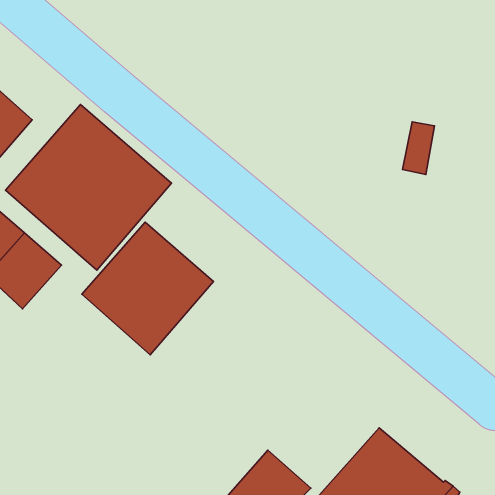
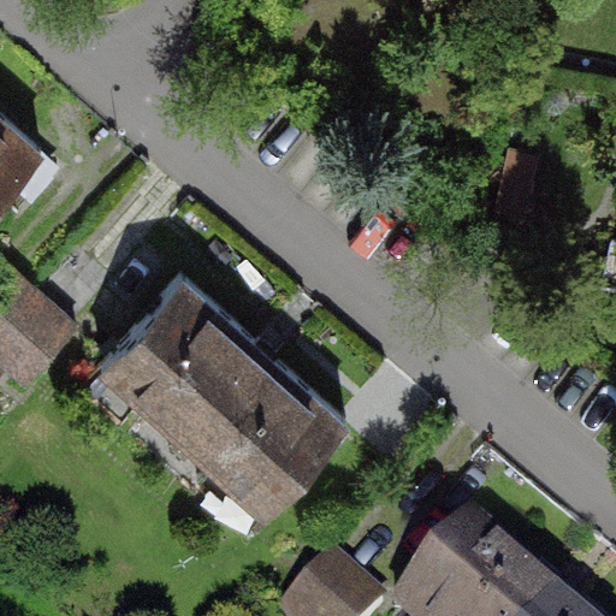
building: [6,104,172,270] -> none
building: none -> [185,351,344,528]

